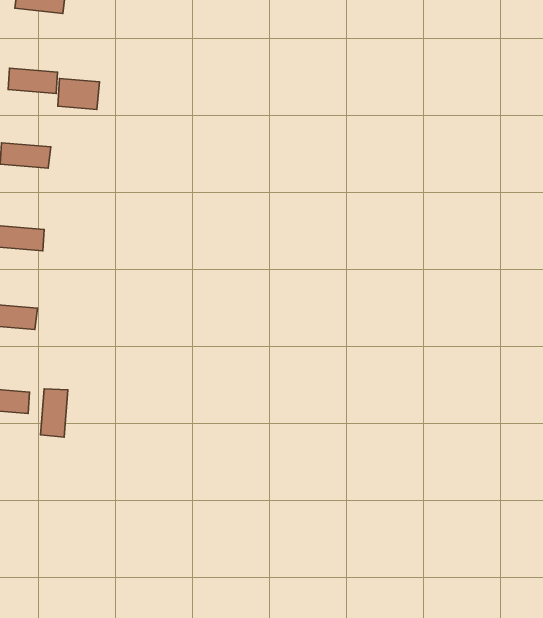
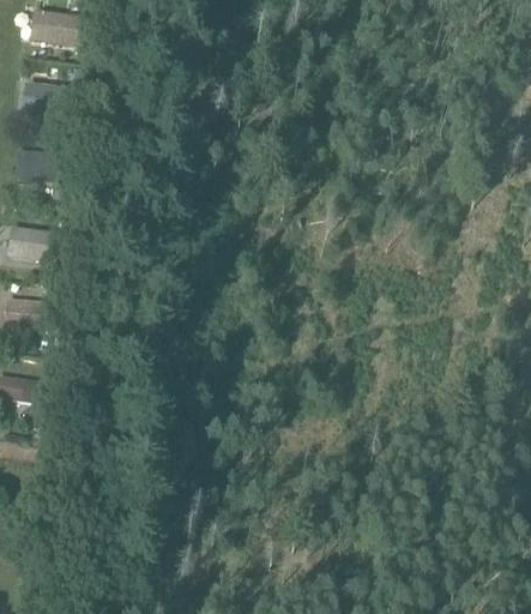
building: [58,79,99,109] -> none
building: [41,389,68,437] -> none

